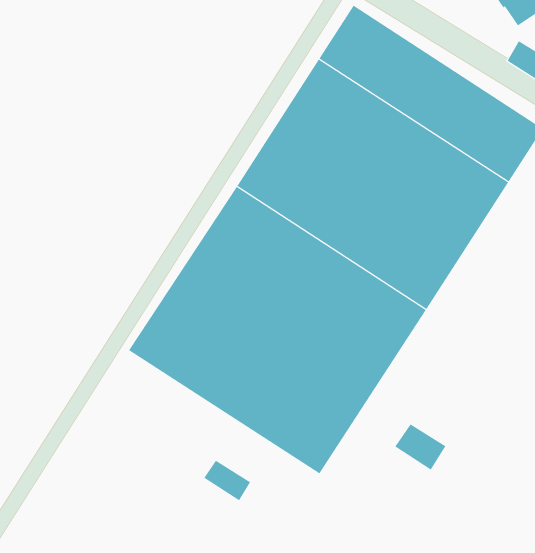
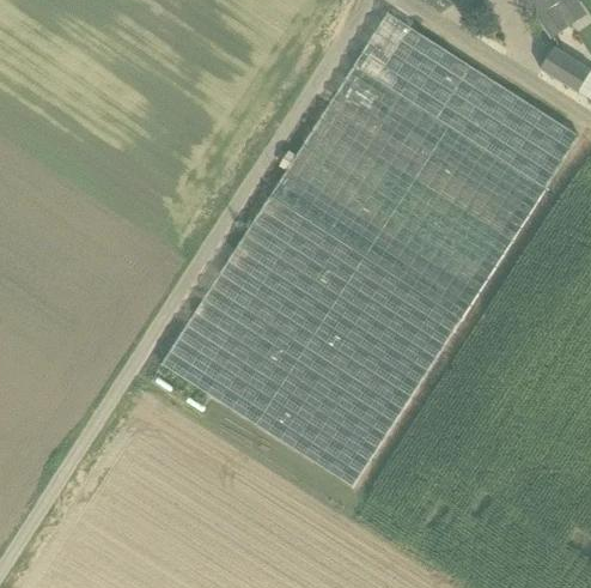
building: [395,423,446,470] -> none
building: [204,460,251,501] -> none

